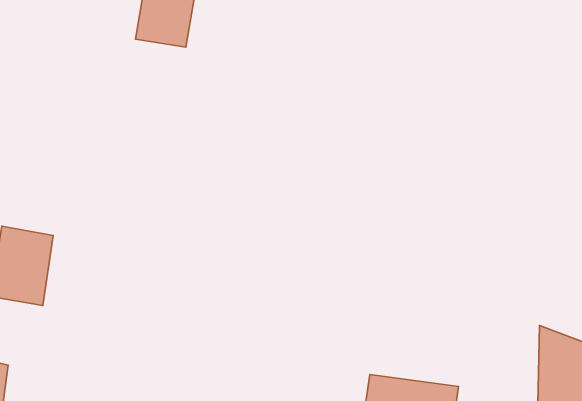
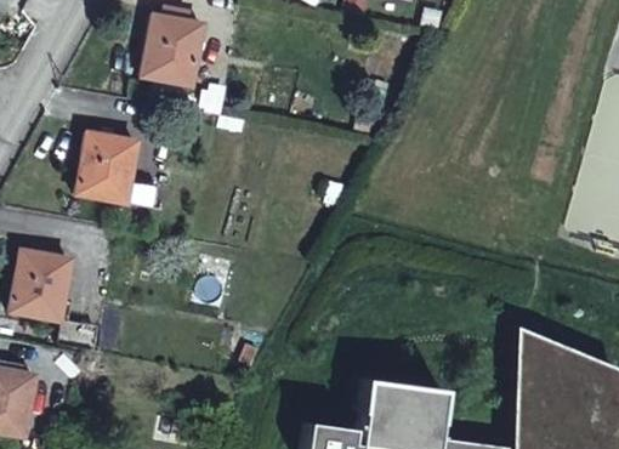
building: none -> [80,130,142,201]

